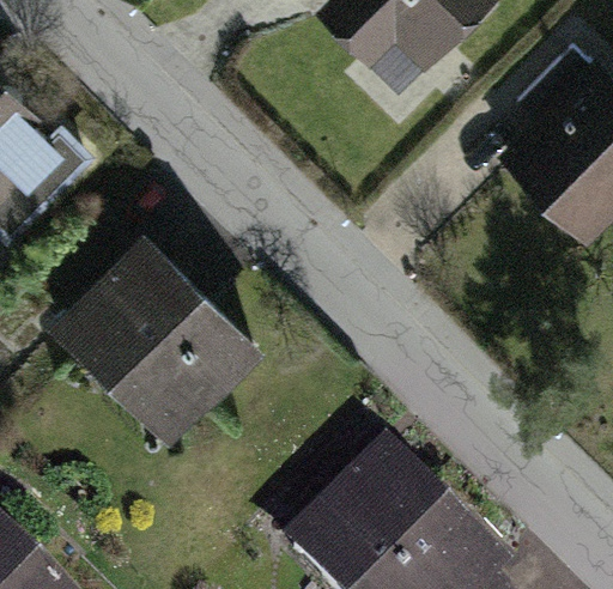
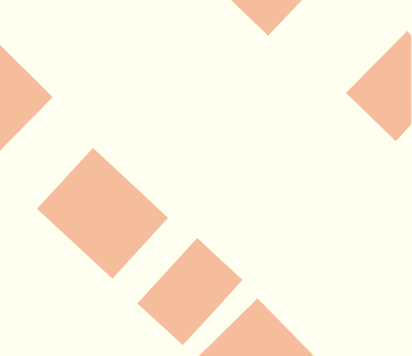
building: none -> [137,237,243,346]

